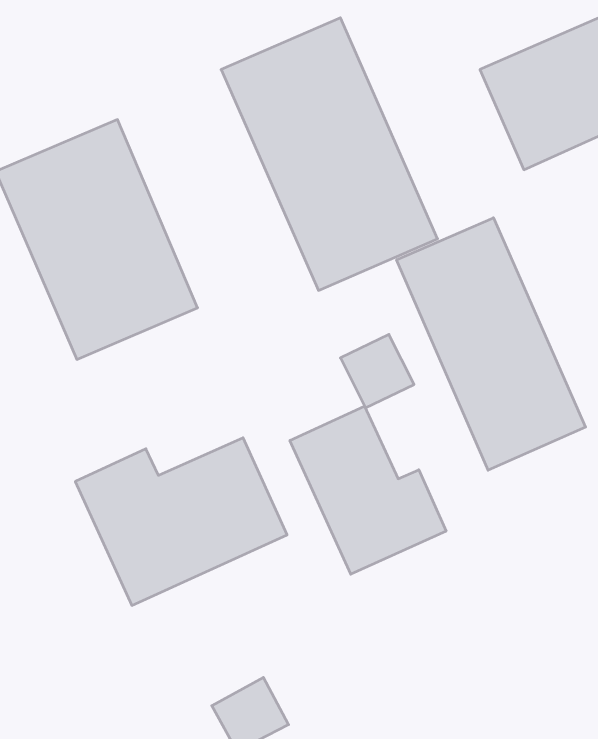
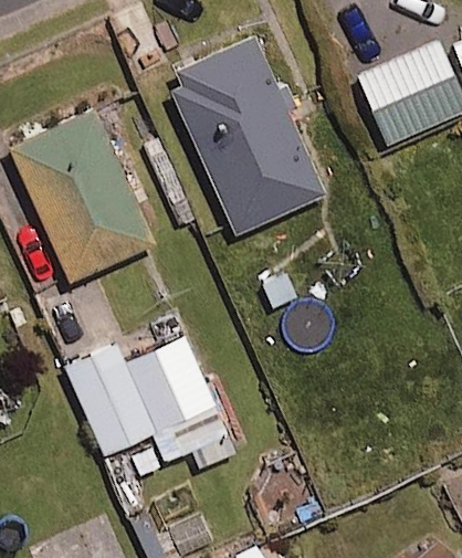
building: [397,218,586,470] -> none
building: [290,406,446,574] -> none

